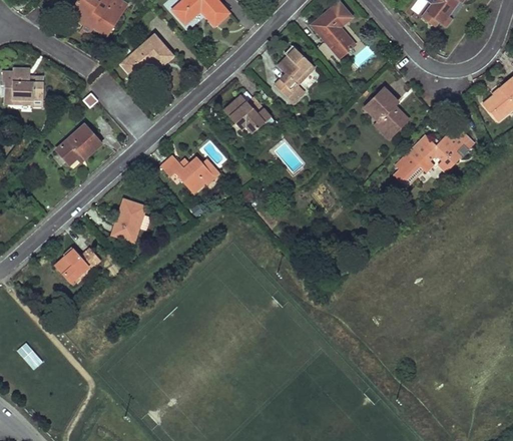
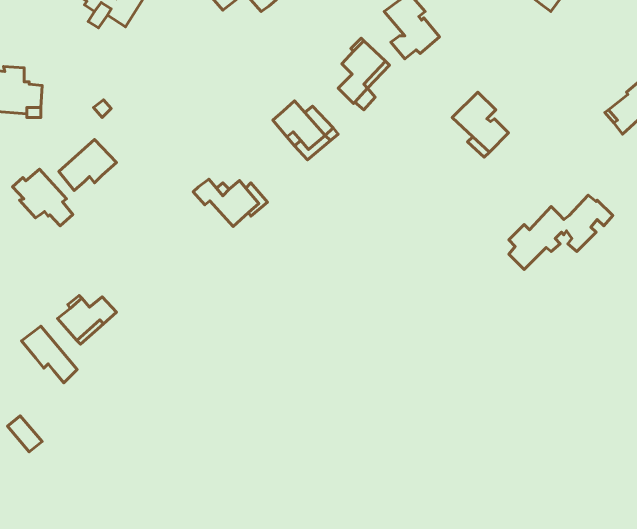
building: [121,34,173,78] -> none
building: [393,126,474,184] -> [509,195,613,269]
building: none -> [13,169,73,226]
building: [112,199,150,241] -> none
building: none -> [22,326,77,383]

